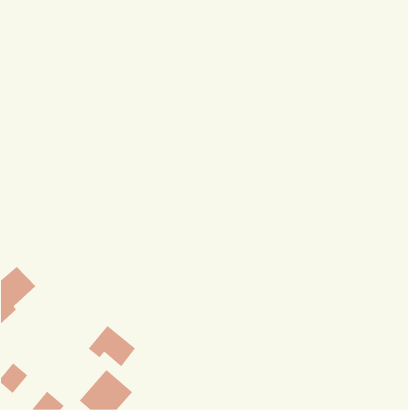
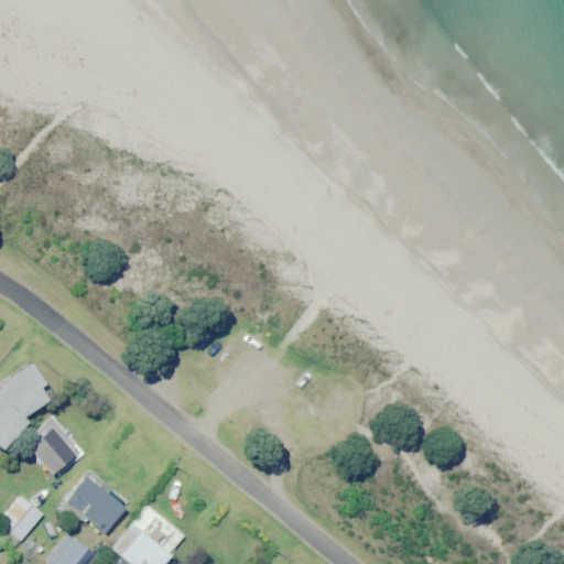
building: none -> [29,426,79,478]
building: [88,325,136,367] -> [61,476,127,533]

